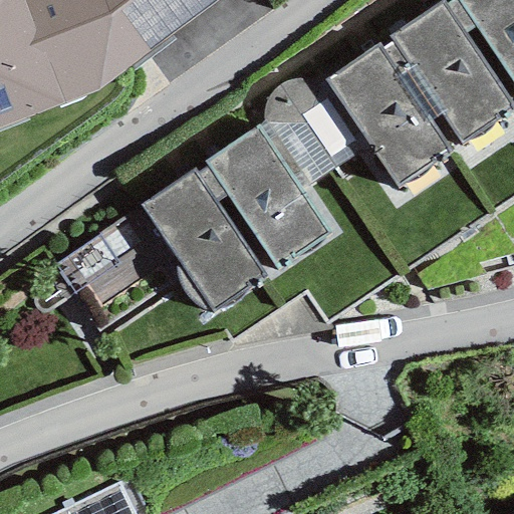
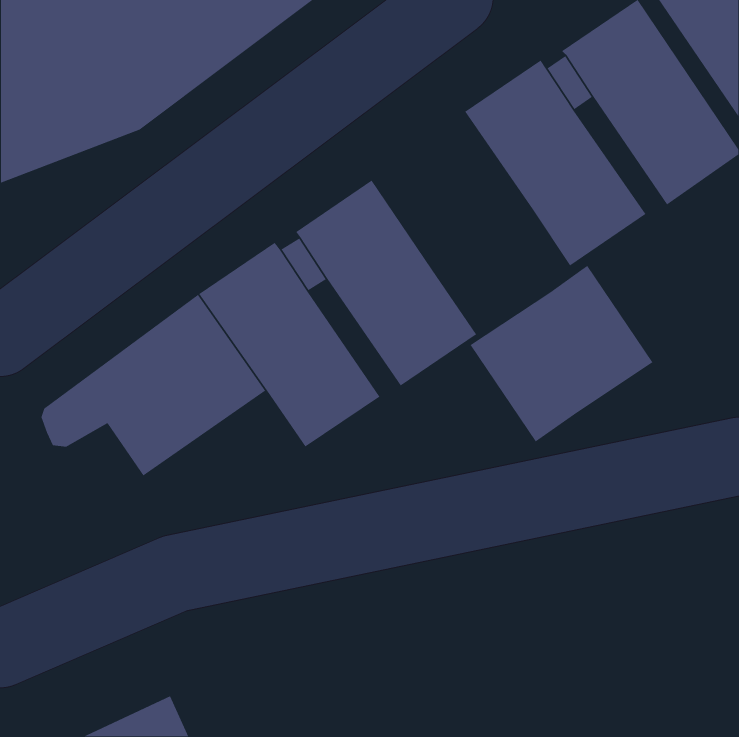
building: [258,76,369,187] -> none
building: none -> [469,265,654,443]

